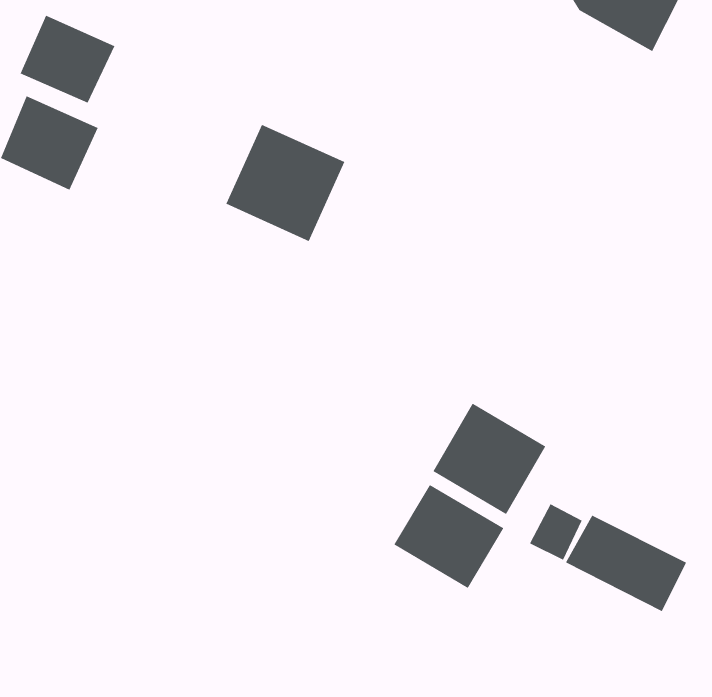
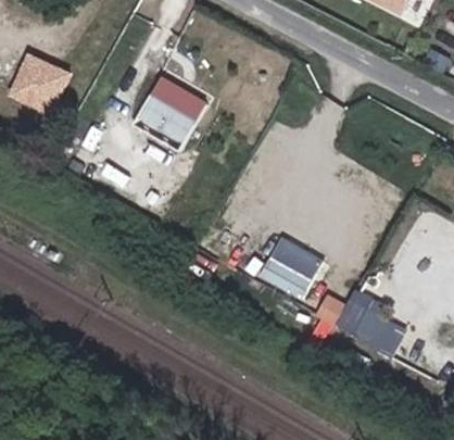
building: [20,15,115,104] -> none
building: [394,484,504,589] -> none

